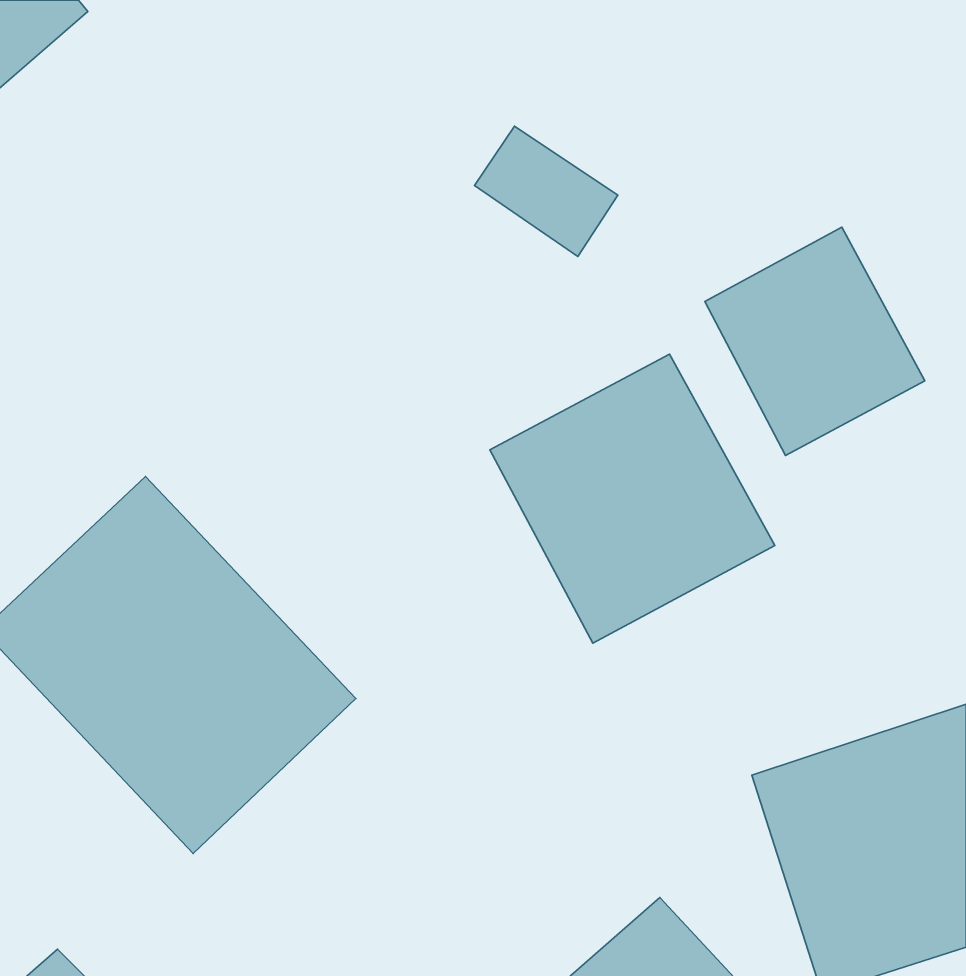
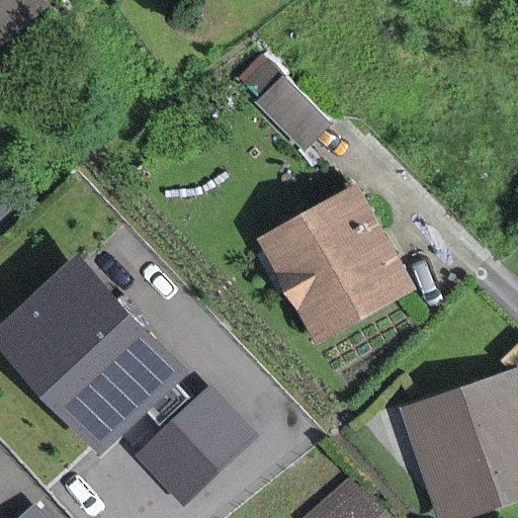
building: [705,227,925,456] -> none
building: none -> [132,382,256,505]

